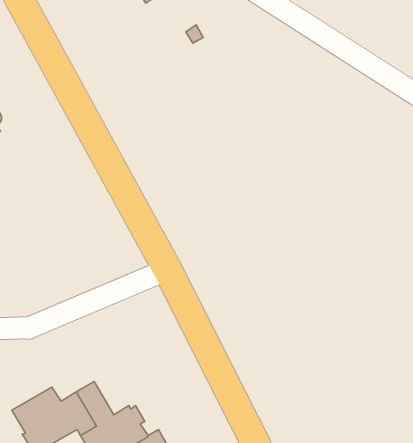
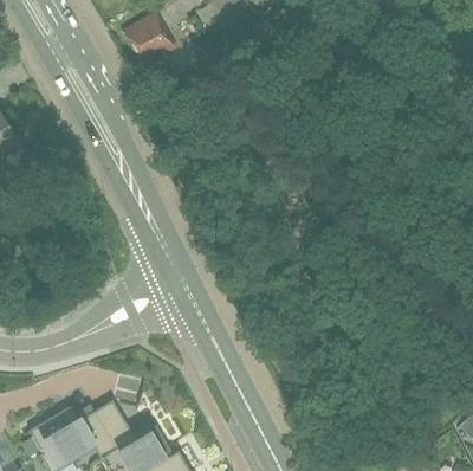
building: none -> [122,12,175,67]

